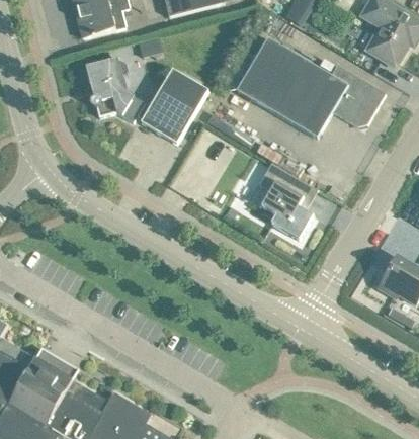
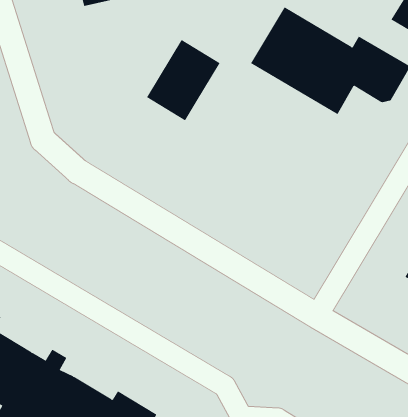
building: [86,58,144,121] -> none
building: [258,162,313,239] -> none

